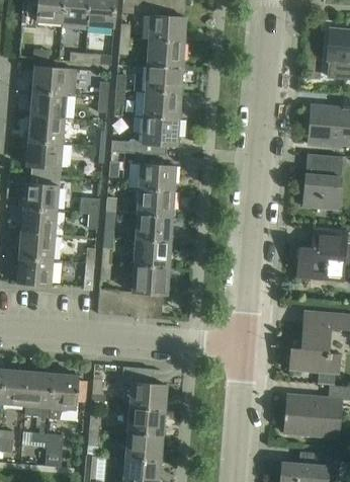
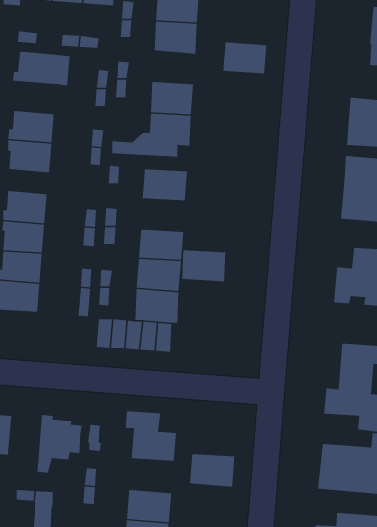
building: [145,66,182,93] -> [222,41,267,74]
building: [28,91,66,118] -> none
building: [136,189,173,217] -> [181,249,226,282]
building: [25,369,53,415] -> none
building: [125,407,164,435] -> [189,454,235,487]

